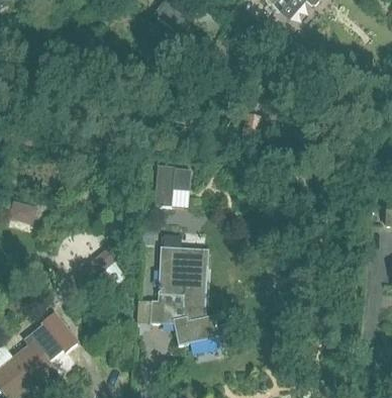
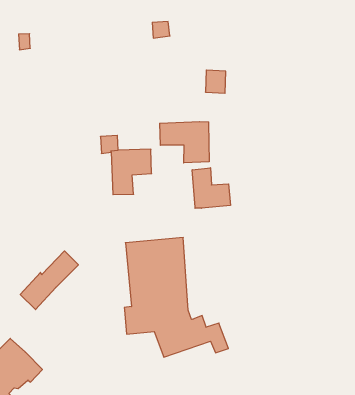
building: none -> [160,122,209,163]
building: none -> [192,168,230,208]

